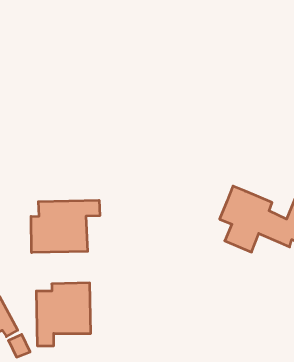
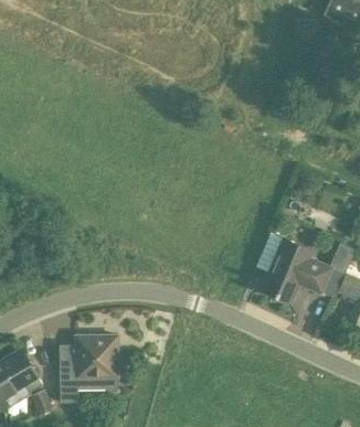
building: [31,200,100,253] -> none

